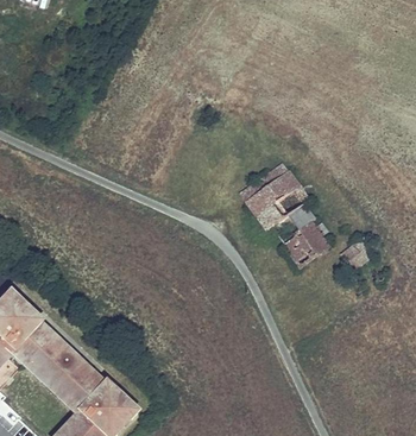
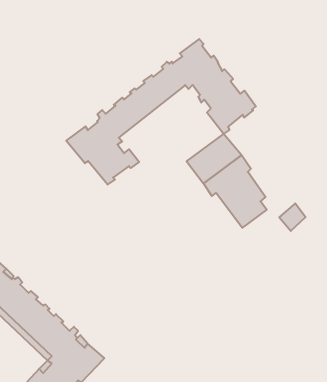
building: none -> [66,39,256,185]

